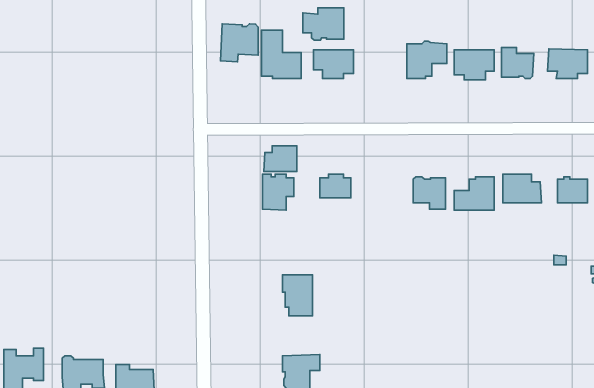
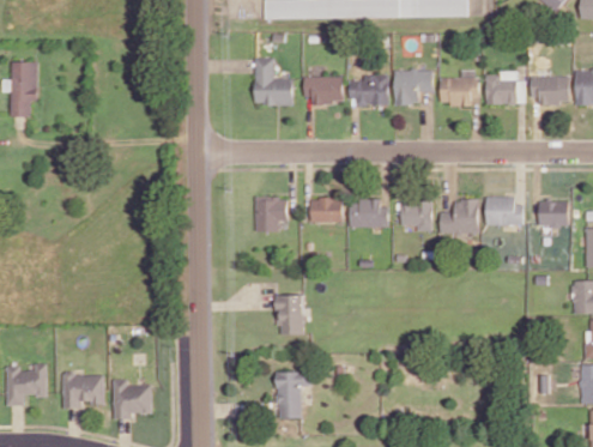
building: [303,8,344,40] -> [349,74,388,105]
building: [220,24,258,62] -> none
building: none -> [8,61,37,116]
building: [264,146,297,172] -> none
building: none -> [349,198,387,225]

